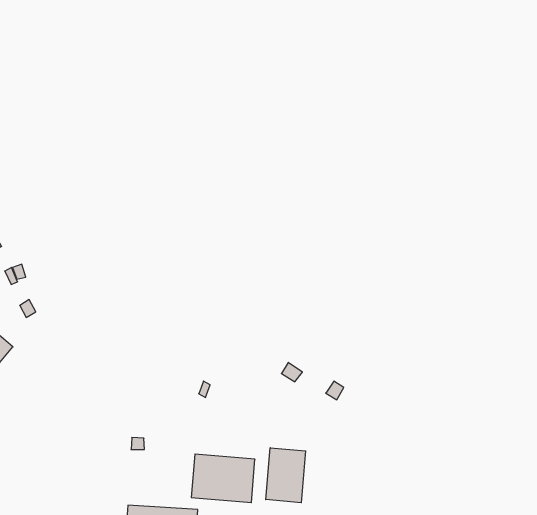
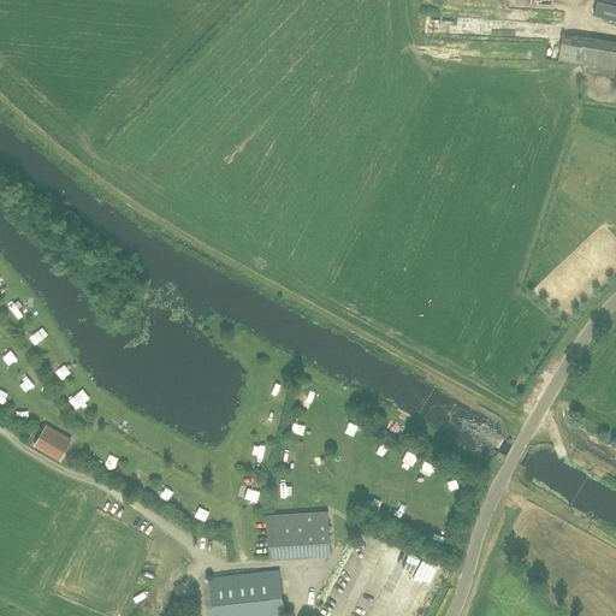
building: [266,448,306,503] -> none

